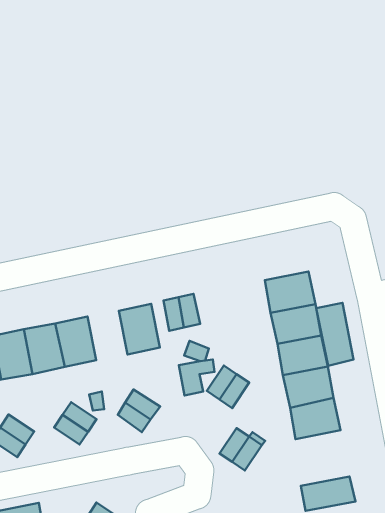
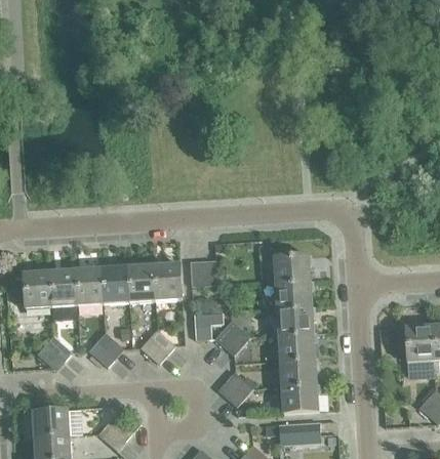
building: [316,303,353,366] -> none
building: none -> [127,264,155,301]
building: none -> [280,384,318,413]

